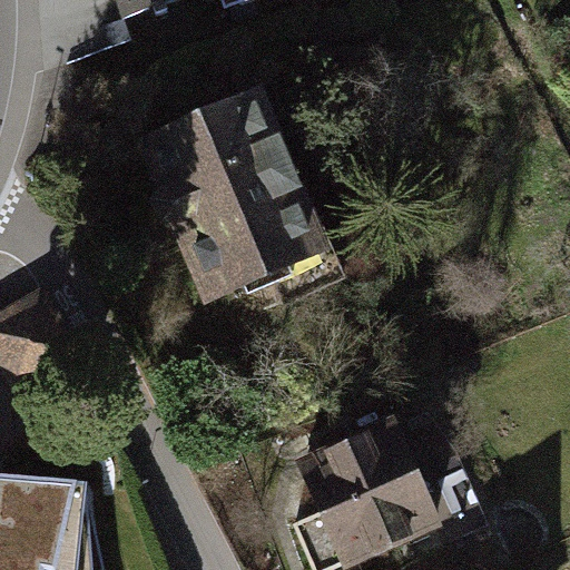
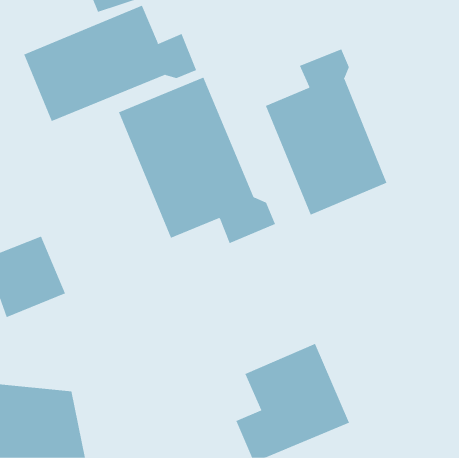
building: none -> [23,5,197,122]
building: none -> [265,48,387,215]

